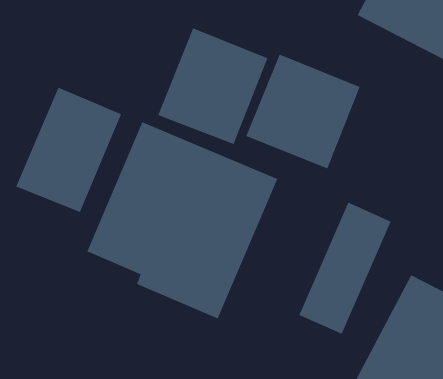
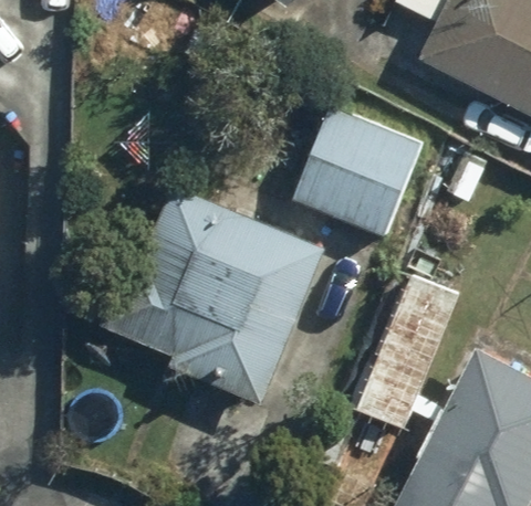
building: [158,28,268,145] -> none
building: [16,87,122,213] -> none

